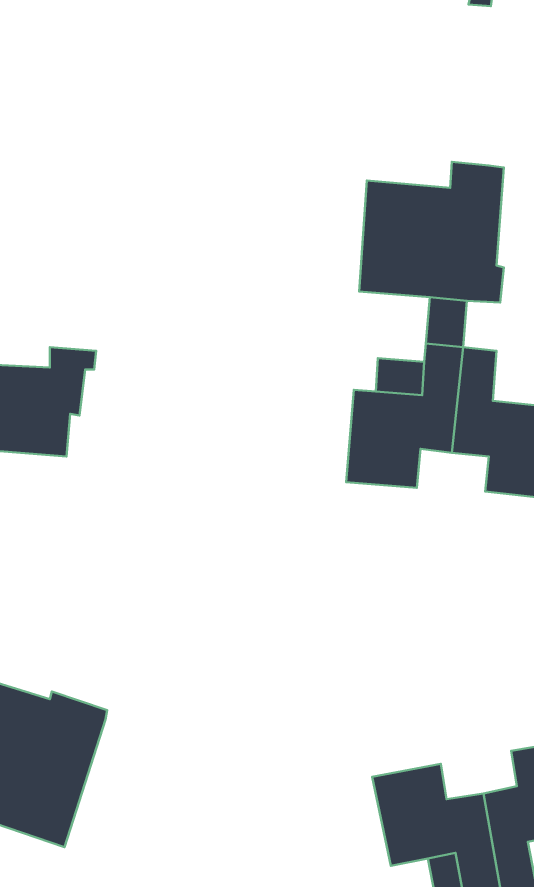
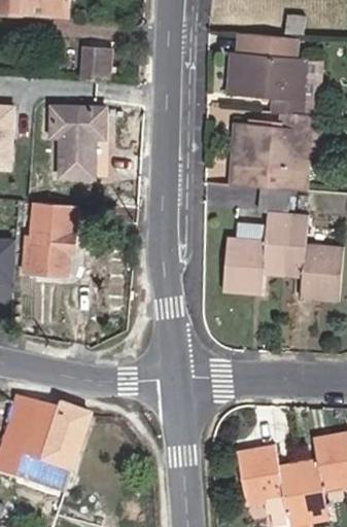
building: none -> [228,33,306,114]
building: none -> [81,45,114,81]
building: none -> [53,108,105,176]

